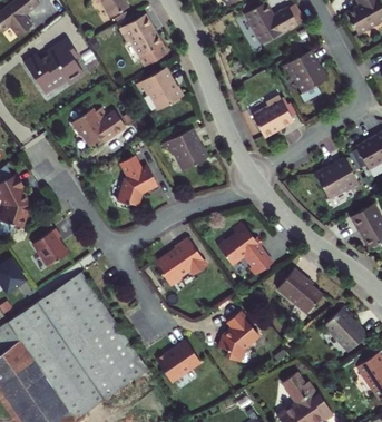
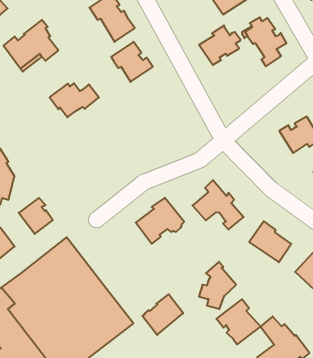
building: [251,97,295,138] -> [199,25,241,65]
building: [166,129,208,170] -> none
building: [119,155,158,204] -> none
building: none -> [216,299,261,344]

